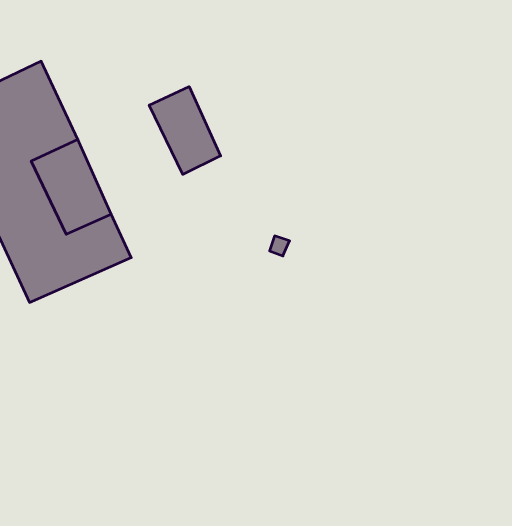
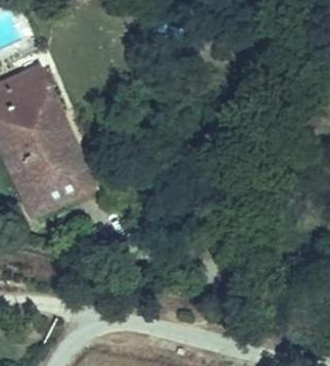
building: [149,87,221,174] -> none

